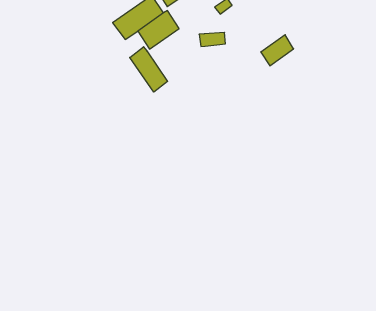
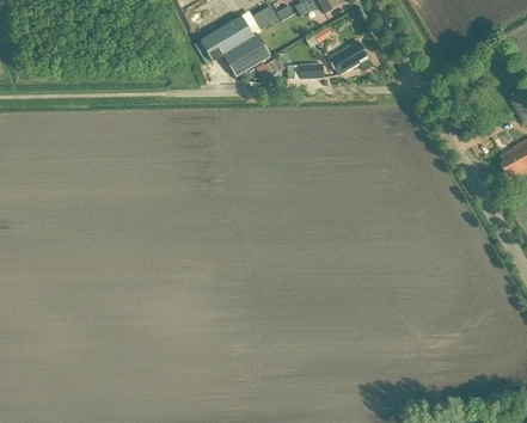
building: [261,35,294,66] -> [331,39,369,74]
building: [130,47,168,92] -> none

